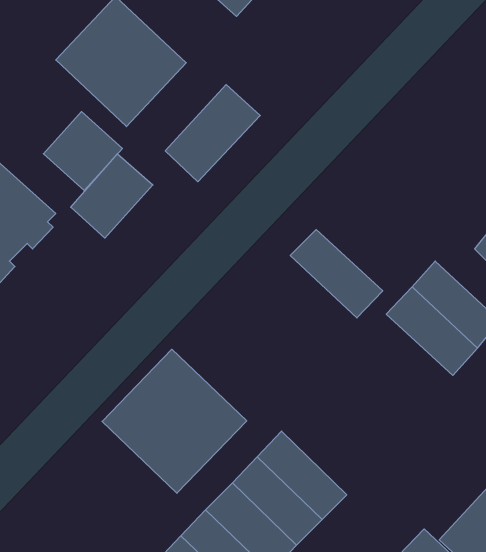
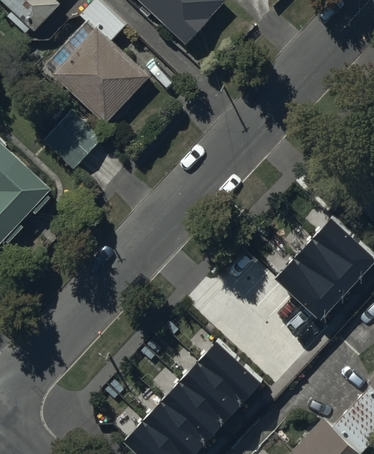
building: [165,85,260,182] -> none
building: [71,154,153,238] -> none
building: [290,230,383,318] -> [275,261,343,326]
building: [102,349,247,493] -> none

